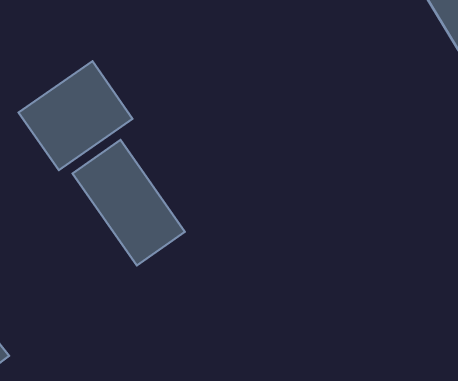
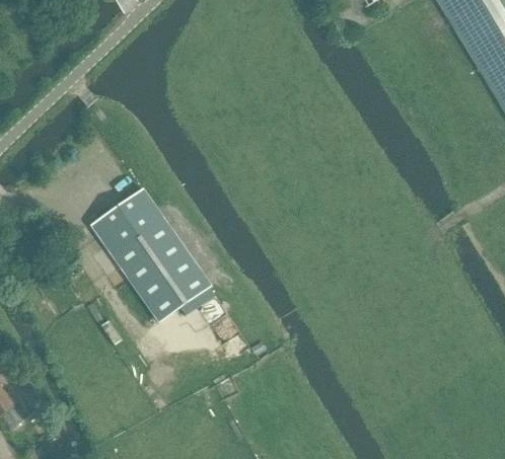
building: [19,61,133,170] -> none

